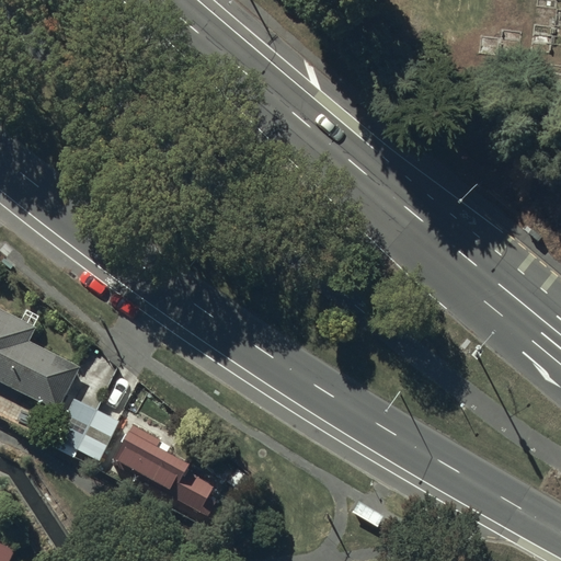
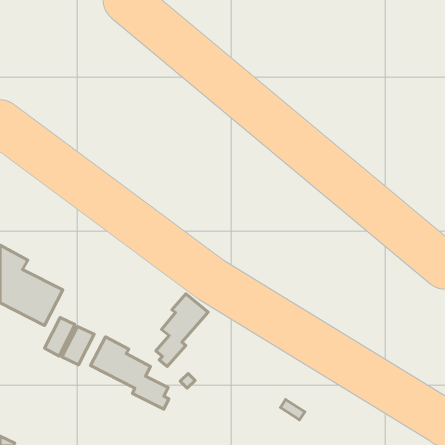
building: none -> [156,294,208,367]

